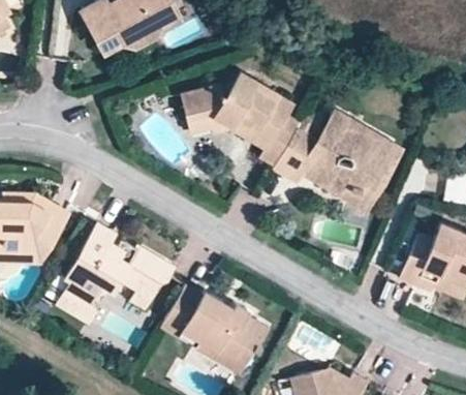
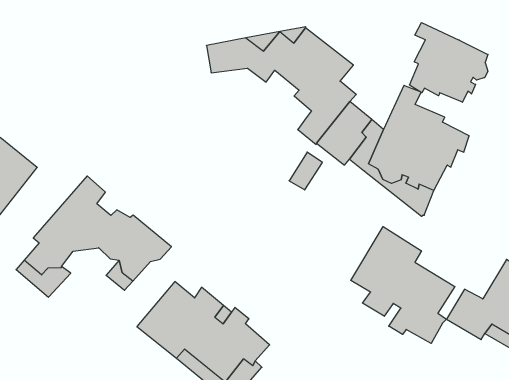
building: none -> [409,23,488,102]
building: [183,112,267,145] -> none
building: none -> [351,227,455,343]

